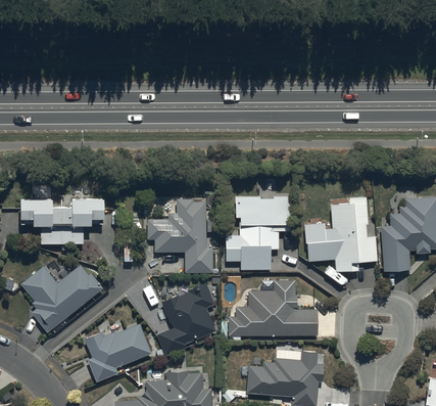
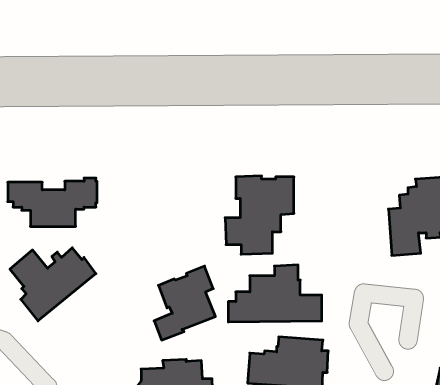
building: [304,197,377,273] -> none
building: [147,198,212,273] -> none
building: [84,322,152,381] -> none

